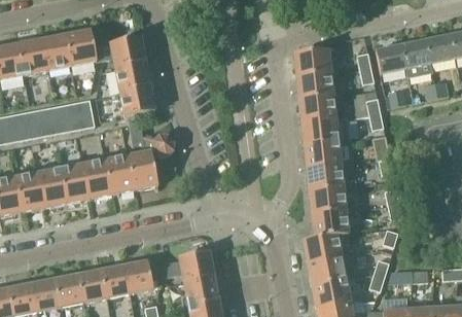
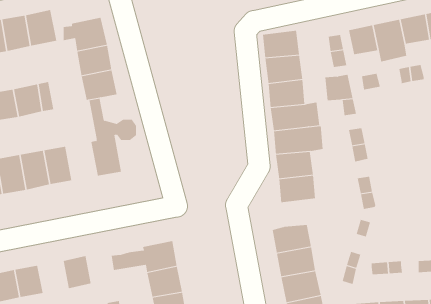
building: [106,155,136,192] -> none
building: [312,210,349,237] -> none
building: [126,260,153,291] -> none
building: [79,270,108,301] -> none

